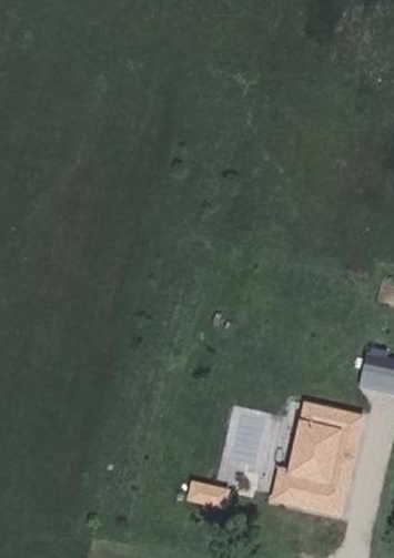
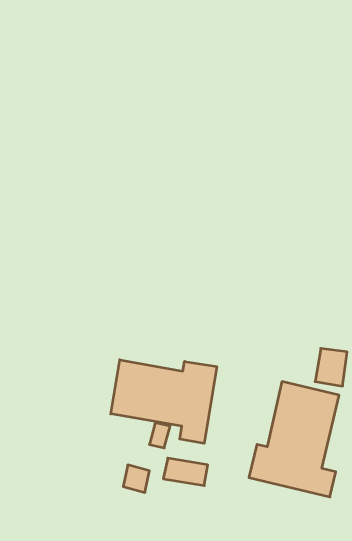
building: none -> [111,360,217,443]

